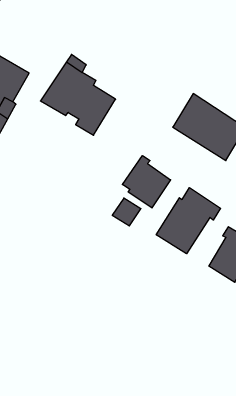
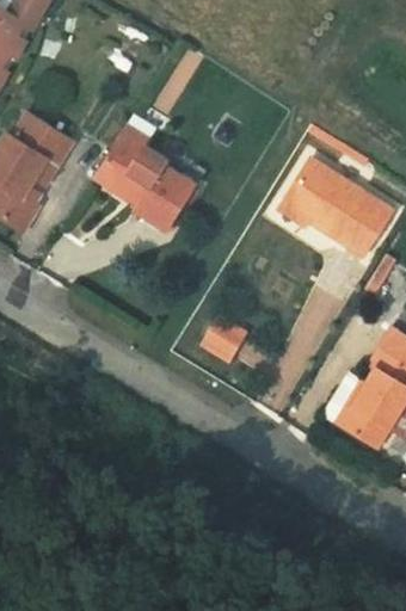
building: [122,156,171,208] -> none
building: [156,188,221,254] -> none

